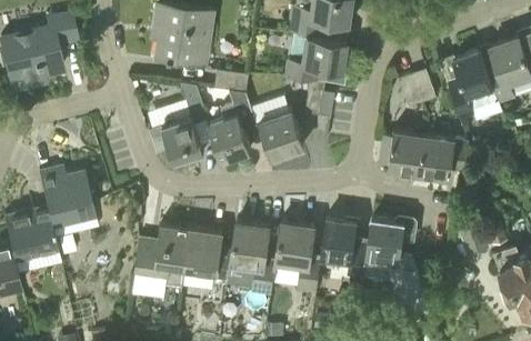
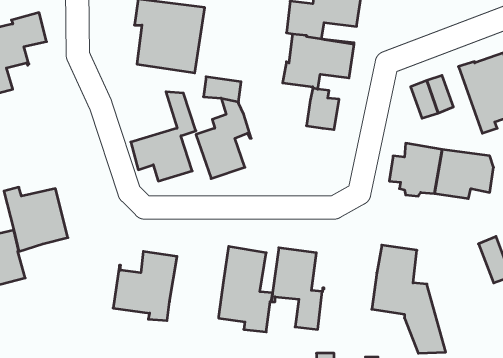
building: [259,108,303,158] -> none
building: [321,217,368,275] -> none
building: [184,229,232,282] -> none

